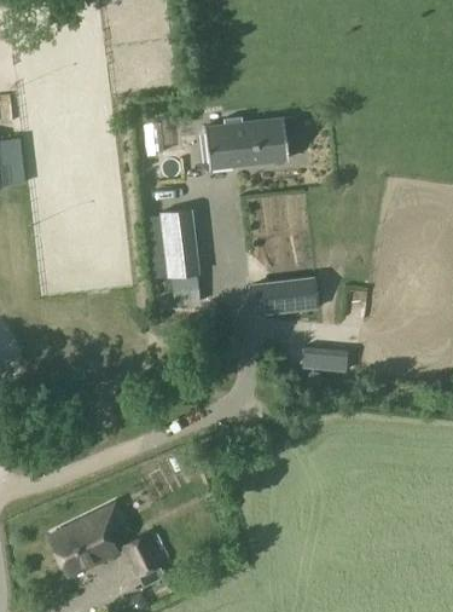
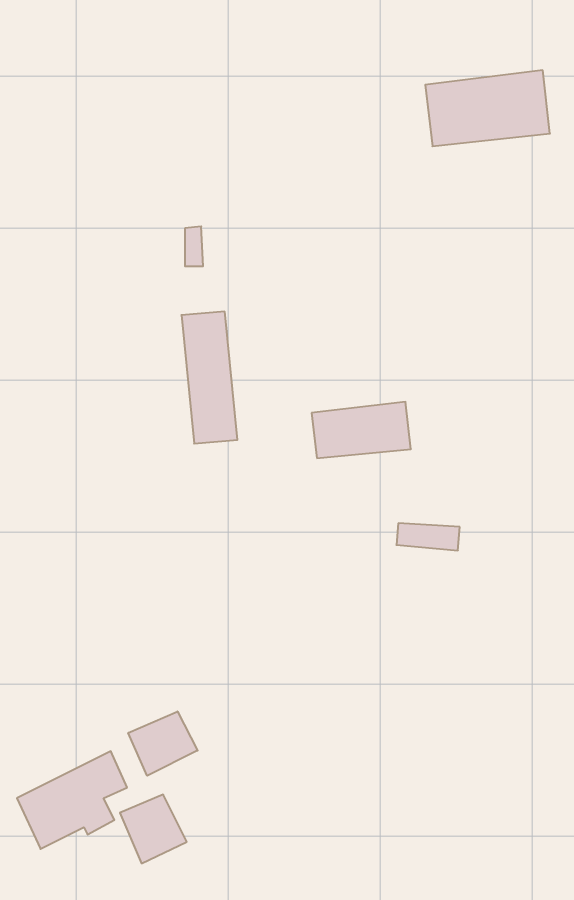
building: [205,119,289,169] -> [425,70,550,146]
building: none -> [128,711,198,776]

